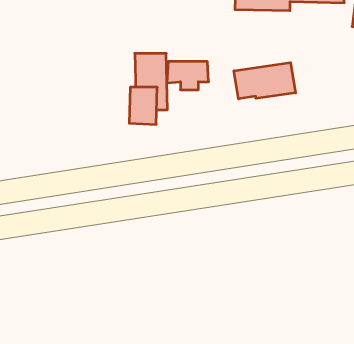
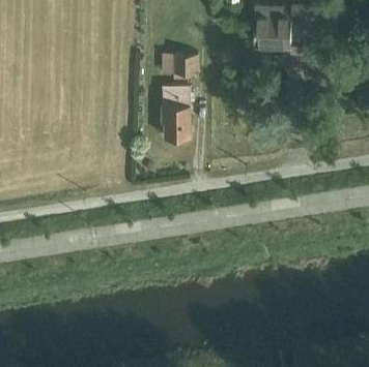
building: [167,62,209,90] -> [161,53,199,79]
building: [234,63,296,99] -> none

